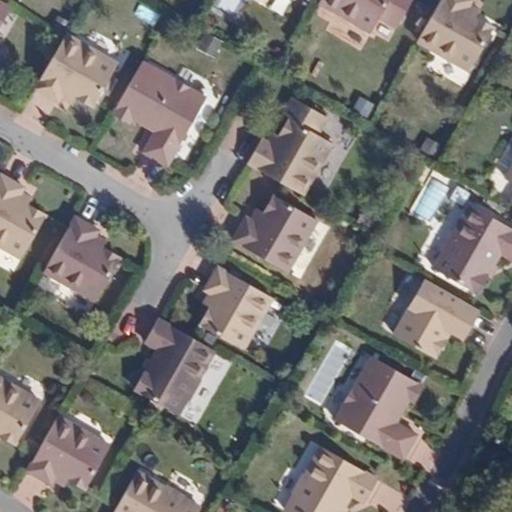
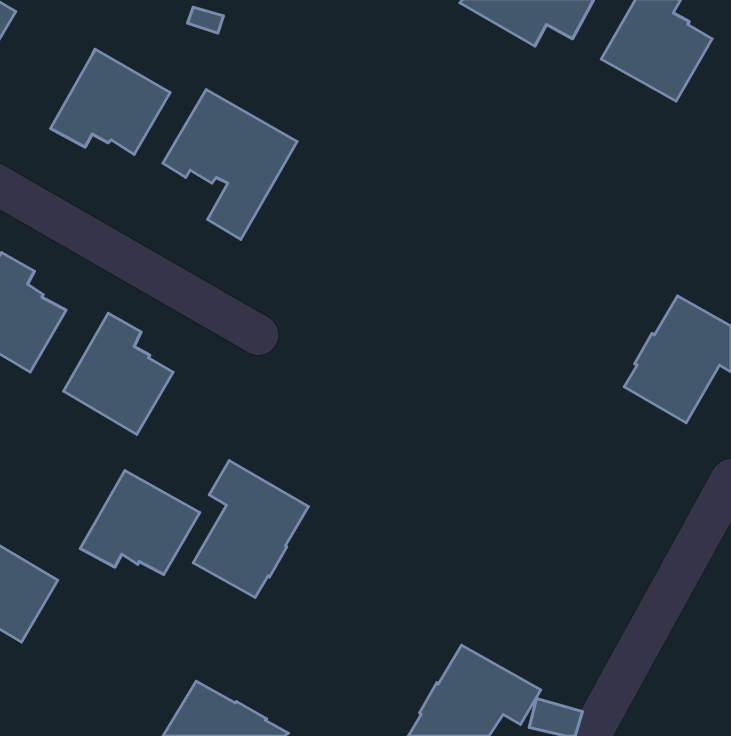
building: [248,101,332,195] -> none
building: [232,196,316,272] -> none
building: [199,267,271,349] -> none
building: [392,280,477,358] -> none
building: [333,356,422,459] -> none
building: [26,417,109,489] -> [80,471,200,574]

